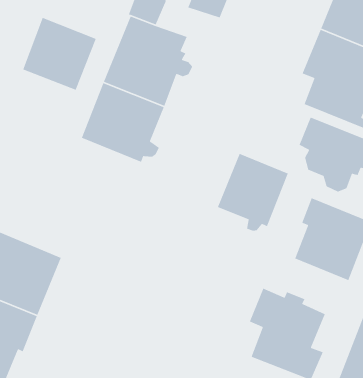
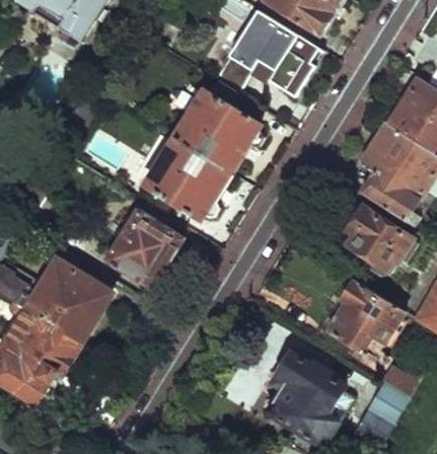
building: [22,17,97,91] -> none
building: [217,153,289,232] -> none
building: none -> [108,210,185,288]

